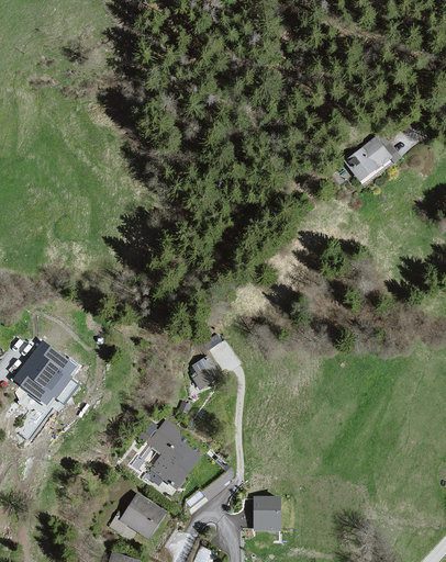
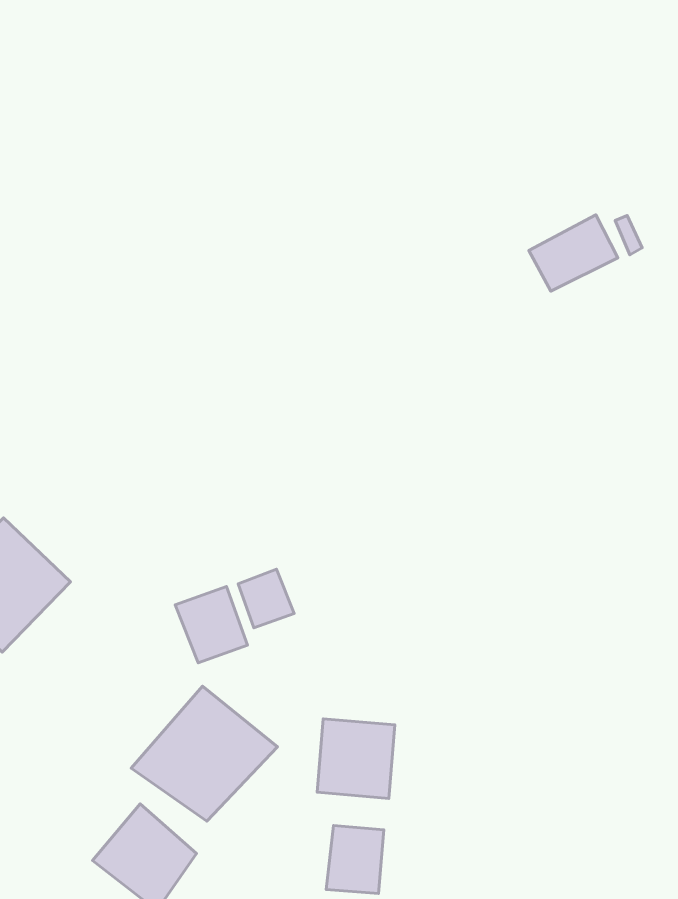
building: none -> [175,586,247,663]
building: none -> [317,719,395,798]

